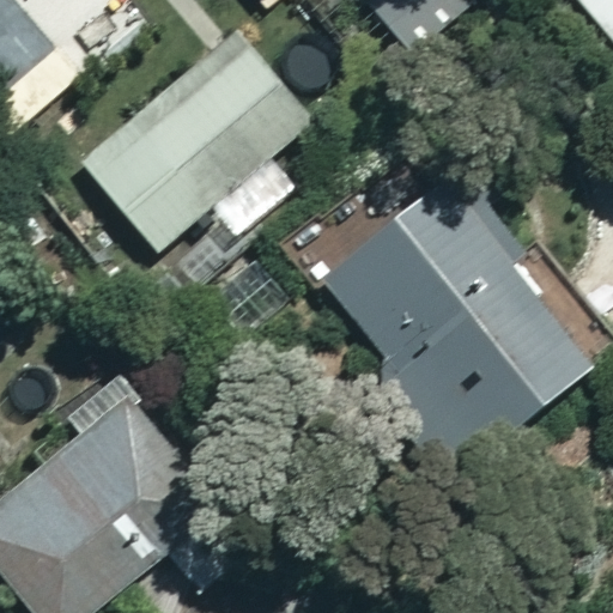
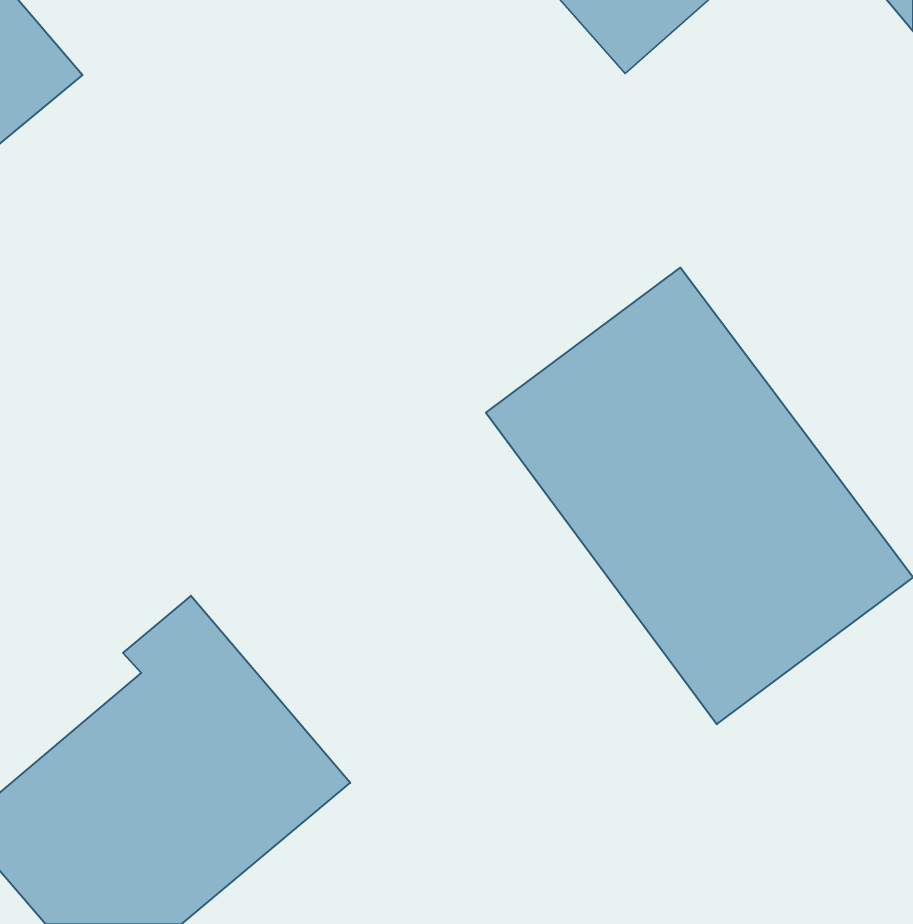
building: [78,31,306,256] -> none

